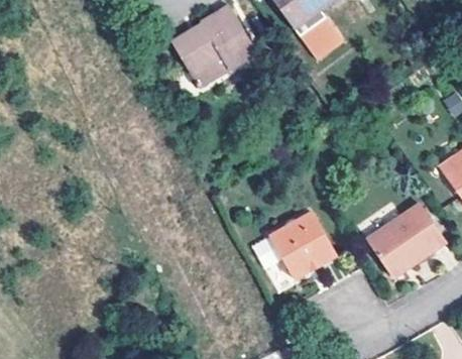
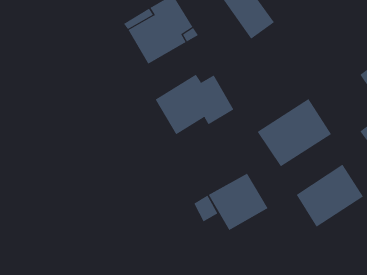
building: none -> [155,74,234,135]
building: none -> [257,98,332,167]

